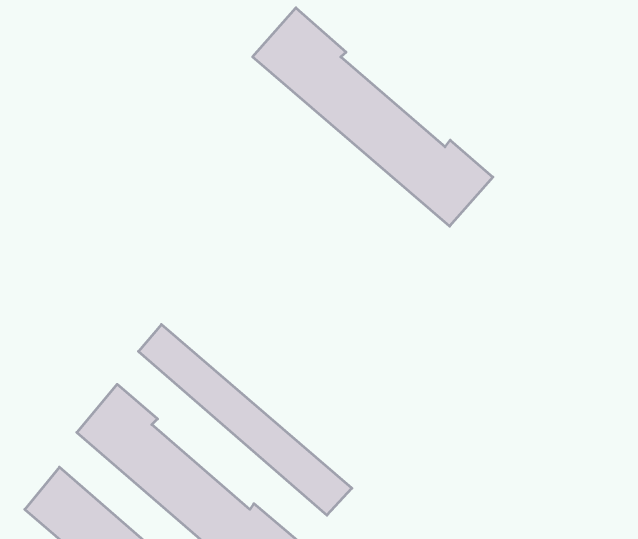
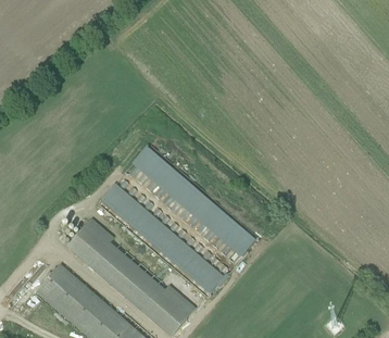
building: [253,8,493,226] -> none
building: none -> [135,147,255,254]

